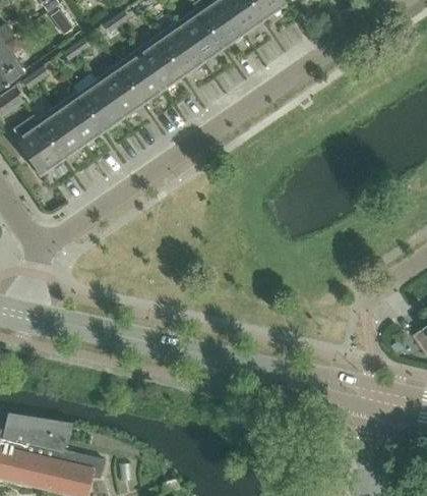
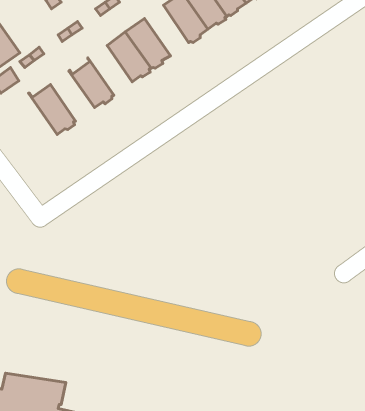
building: [156,21,202,75] -> none
building: [96,64,142,117] -> none
building: [56,92,103,145] -> none
building: [13,115,63,173] -> none

